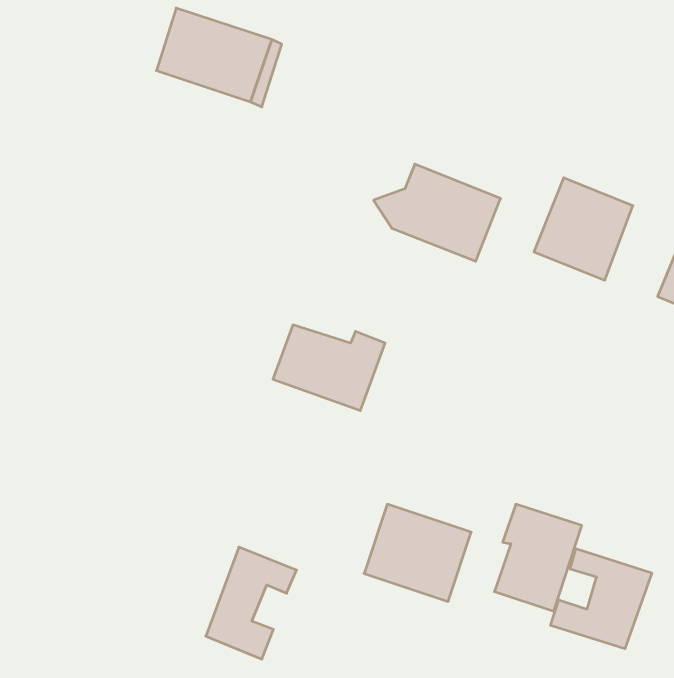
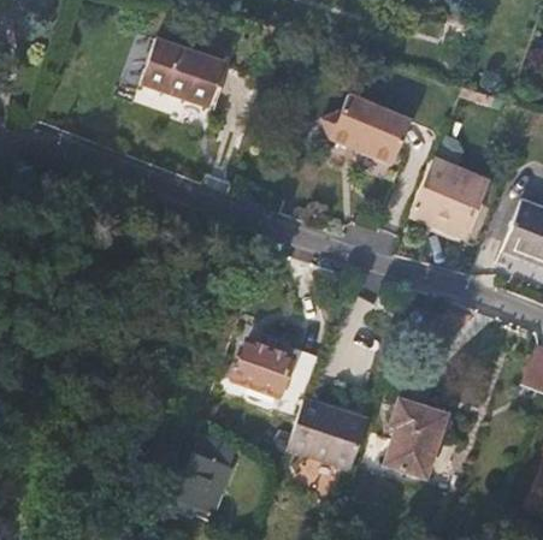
building: [374,164,501,261] -> [318,94,411,165]
building: [273,325,385,411] -> [236,339,318,402]
building: [551,549,652,649] -> none

